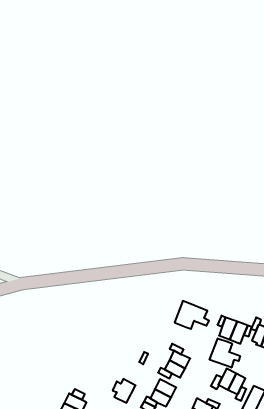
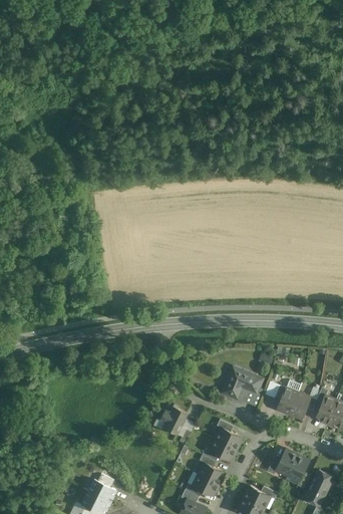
building: [210,338,240,368] -> none
building: [113,379,136,403] -> [158,407,187,436]

